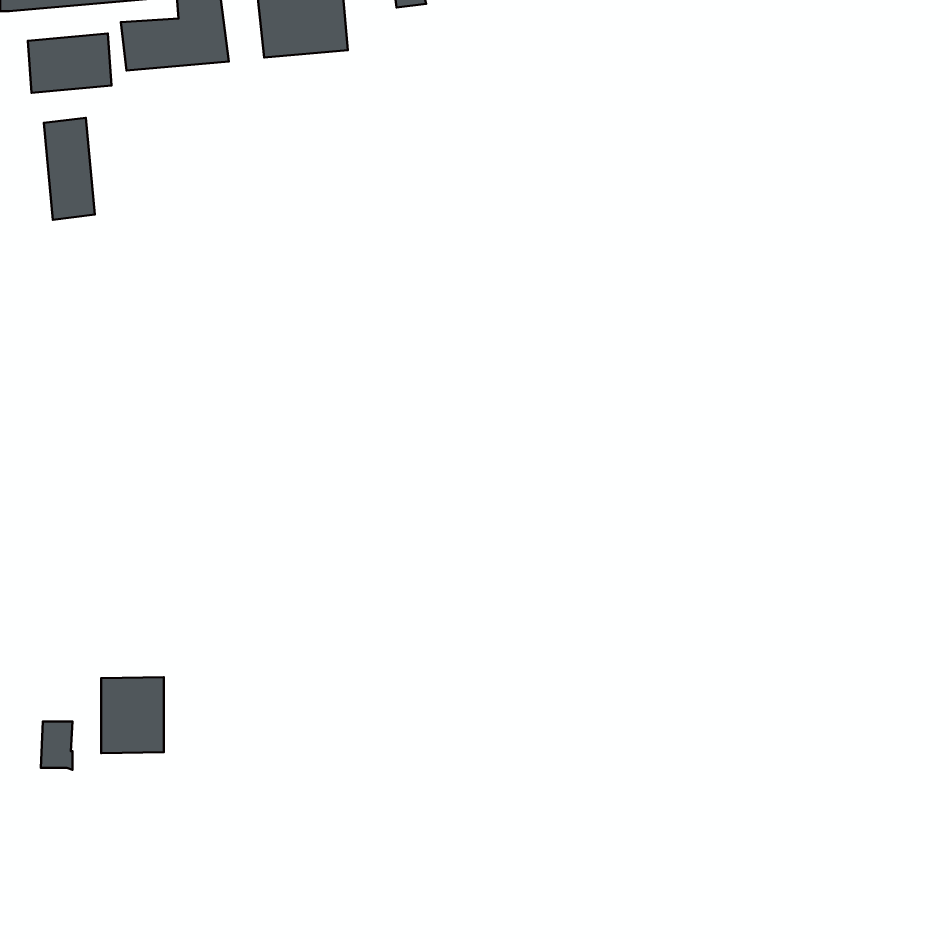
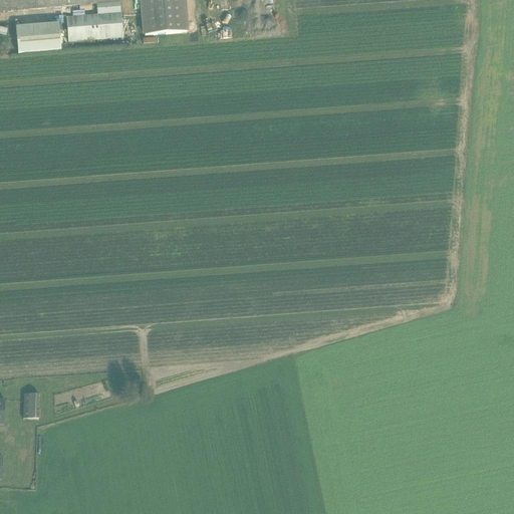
building: [44,118,95,220] -> none
building: [101,677,164,753] -> none

